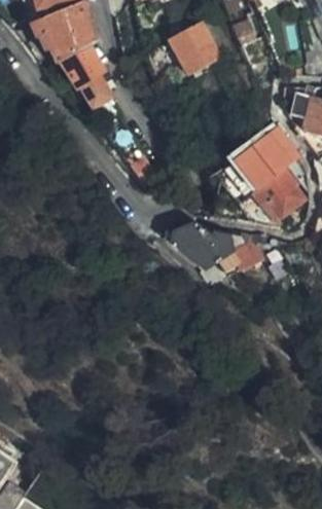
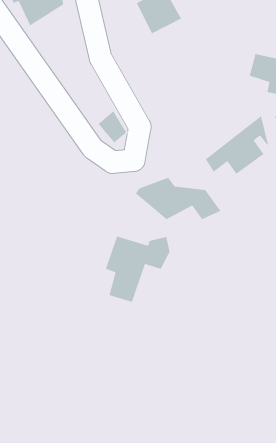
building: [62,45,110,105] -> none
building: [216,124,301,204] -> none
building: none -> [105,235,171,303]

